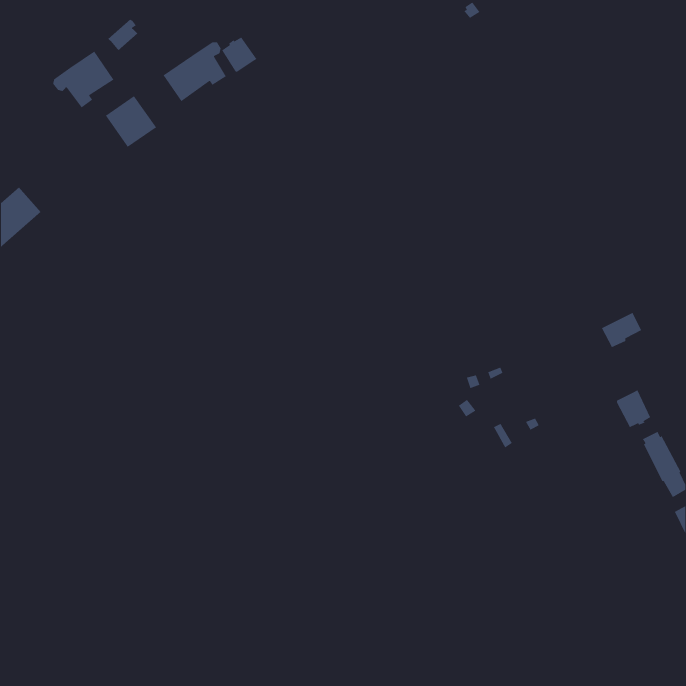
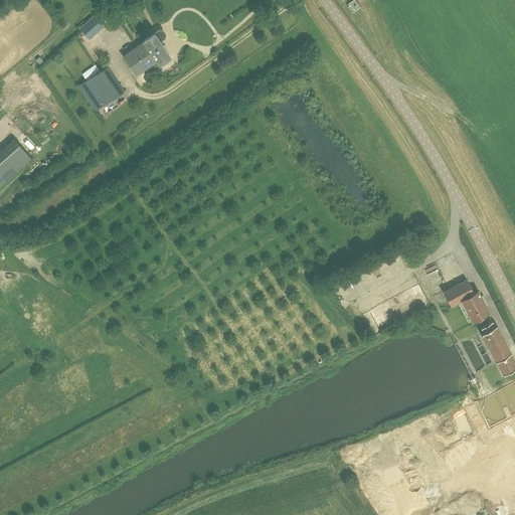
building: [221,36,257,73] -> none
building: [52,50,114,109] -> none
building: [601,312,642,348] -> [443,280,474,307]

